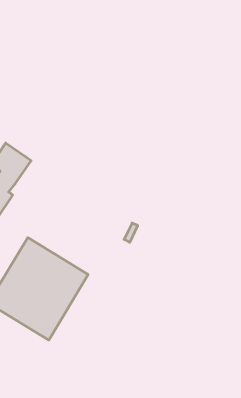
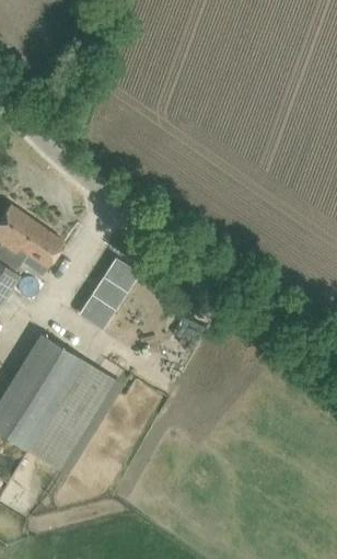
building: none -> [23,229,65,275]
building: none -> [82,255,138,324]

